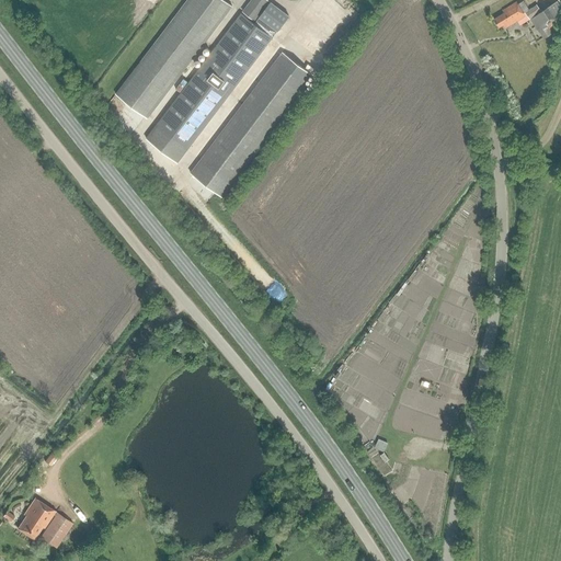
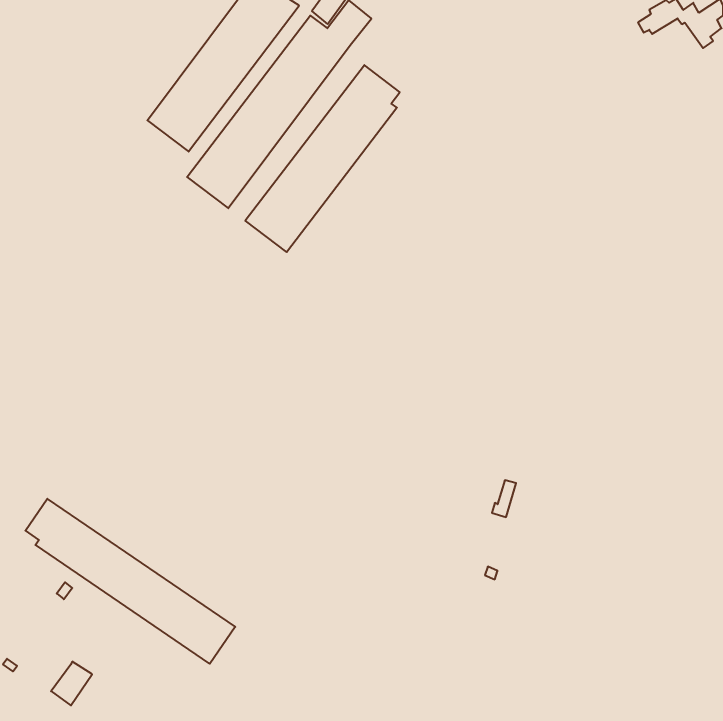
building: none -> [25,499,235,664]
building: [15,496,56,537] -> none

